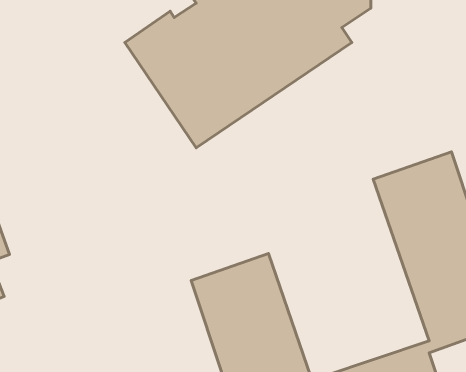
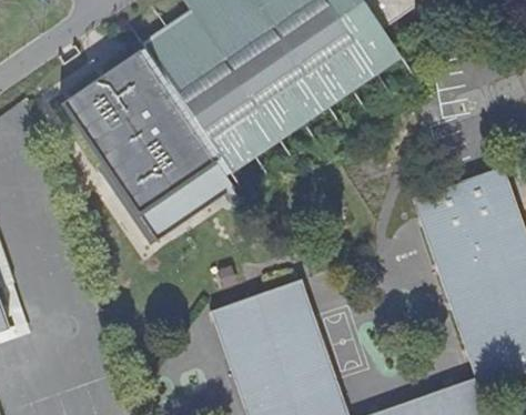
building: none -> [60,48,236,242]

